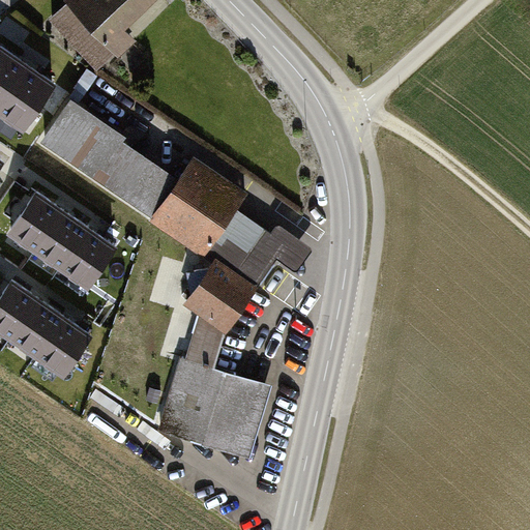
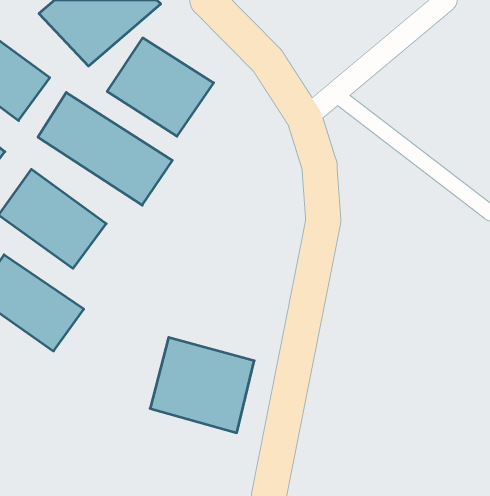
building: none -> [107,38,214,136]
building: [147,158,312,366] -> none

